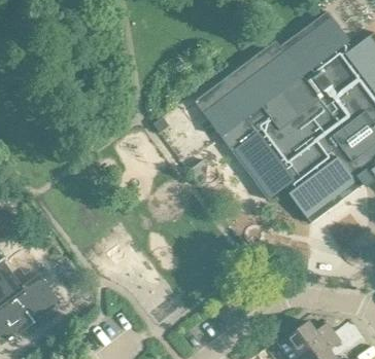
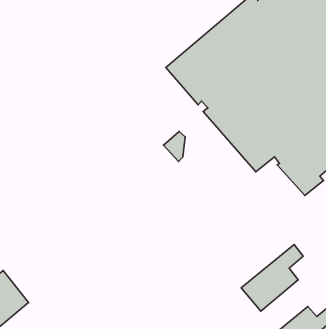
building: none -> [241,245,303,311]

